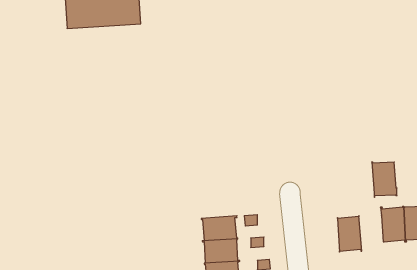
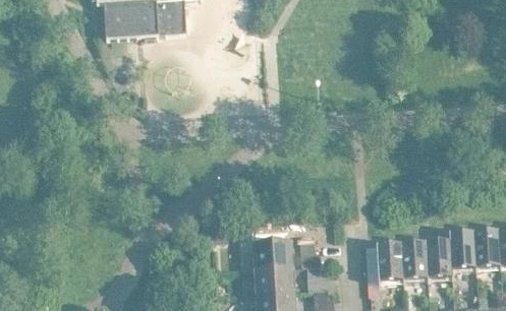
building: [372,162,397,197] -> [425,241,452,279]
building: none -> [376,243,403,283]

